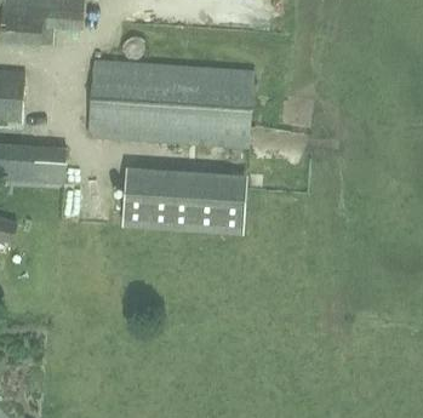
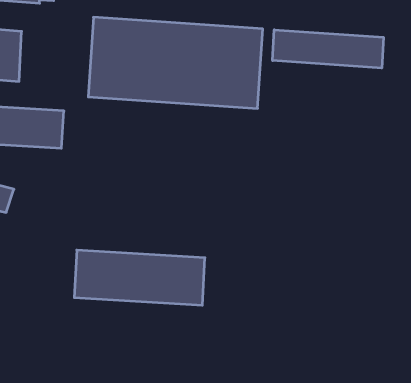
building: none -> [273,30,383,68]
building: [121,178,245,230] -> [74,250,205,305]

